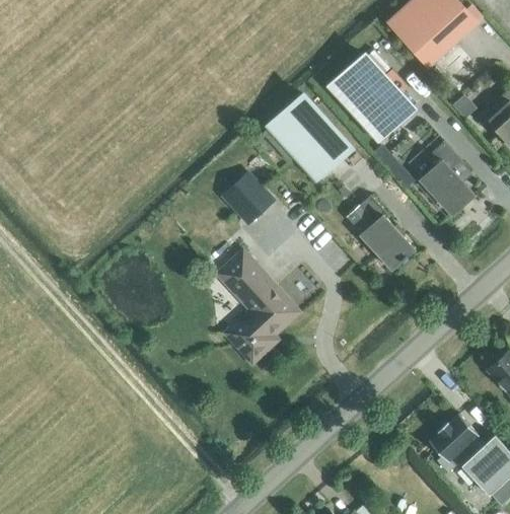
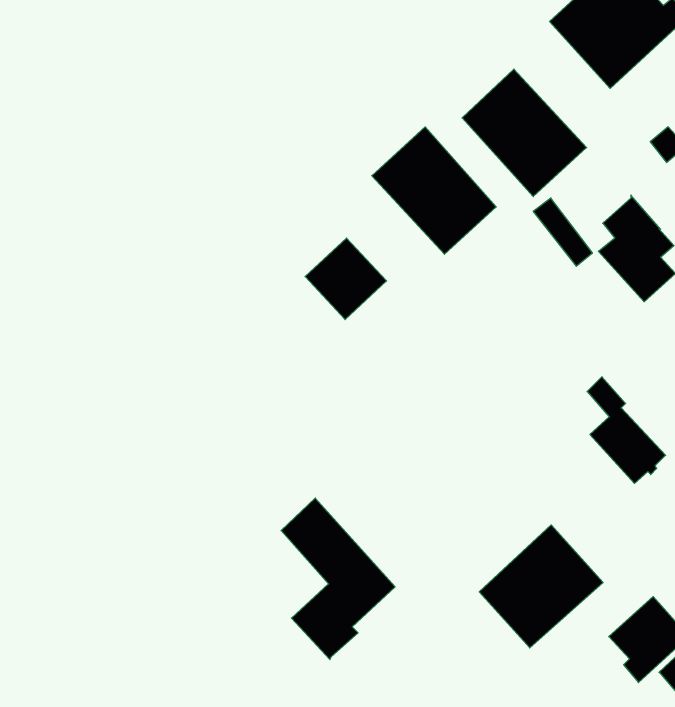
building: [360,195,414,268] -> [587,377,666,483]
building: [219,251,297,362] -> [281,498,395,660]
building: none -> [479,525,603,648]

